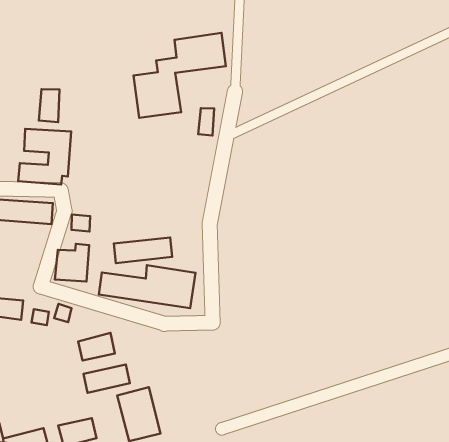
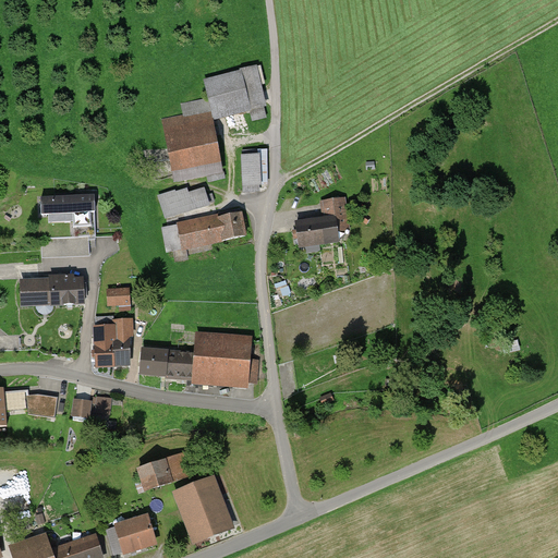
building: [39,89,60,122] -> none
building: none -> [159,187,205,215]
building: none -> [294,199,345,244]
building: [114,237,172,263] -> [175,210,243,245]
building: [78,333,115,361] -> none

